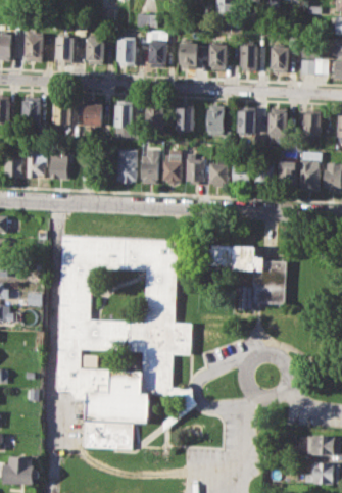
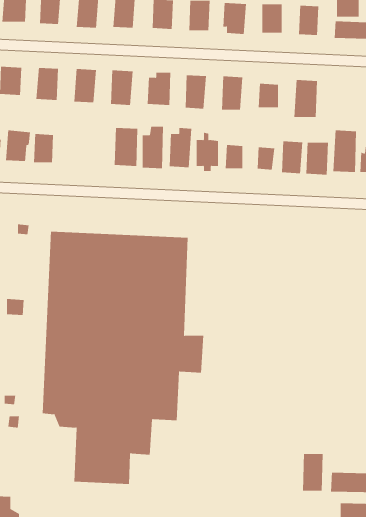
building: [302,114,321,138] -> none
building: [210,245,288,310] -> none
building: none -> [303,453,323,492]

